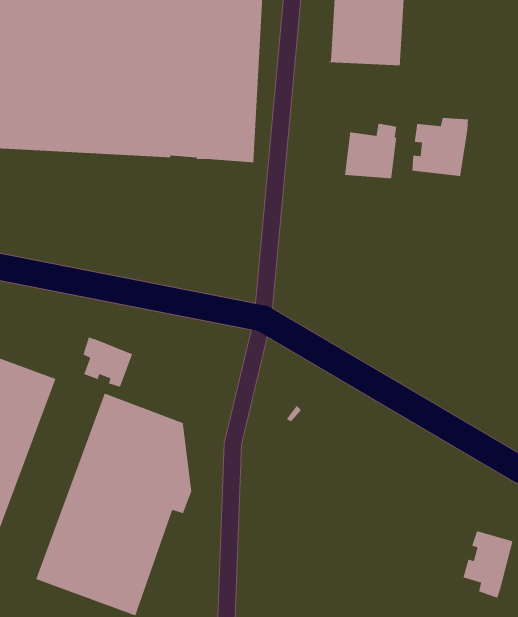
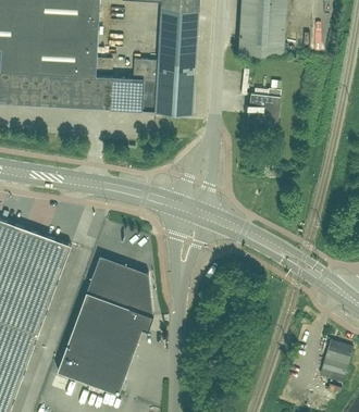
building: [411,117,469,177] -> none
building: [83,336,133,388] -> none

